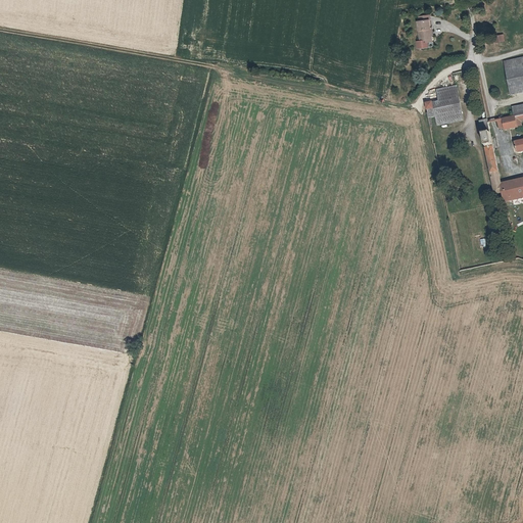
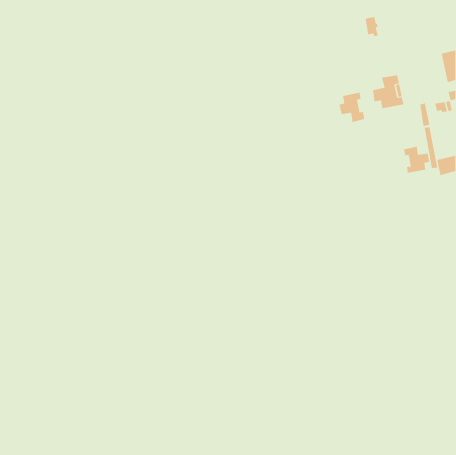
building: none -> [339,92,365,123]
building: none -> [404,146,430,173]

